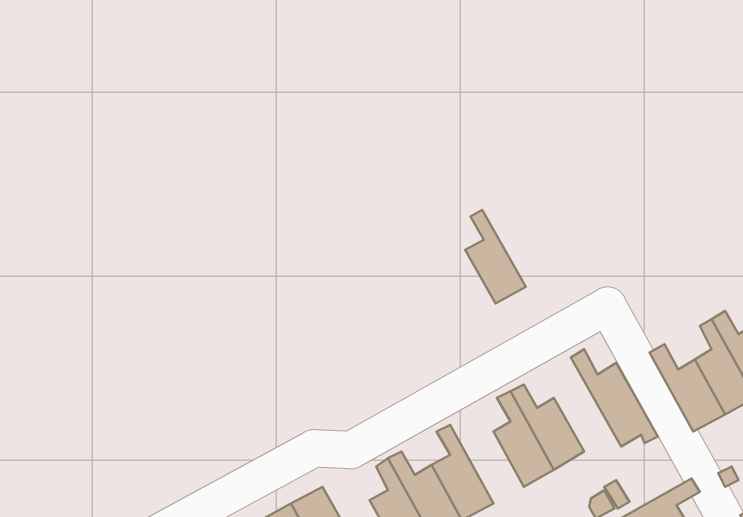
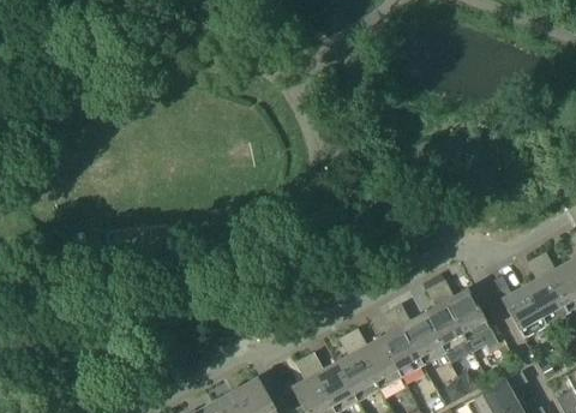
building: [465,210,526,304] -> [424,286,467,353]
building: none -> [349,329,402,390]

